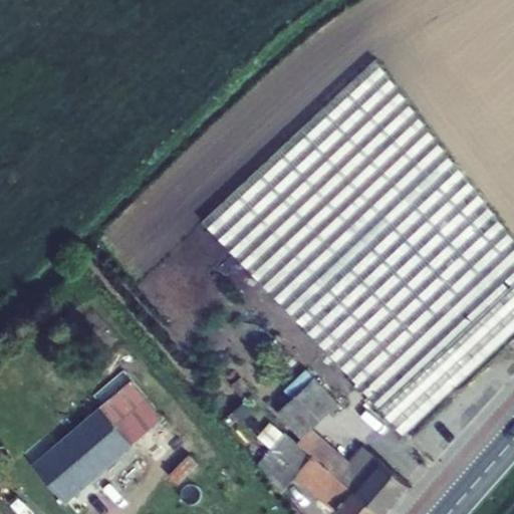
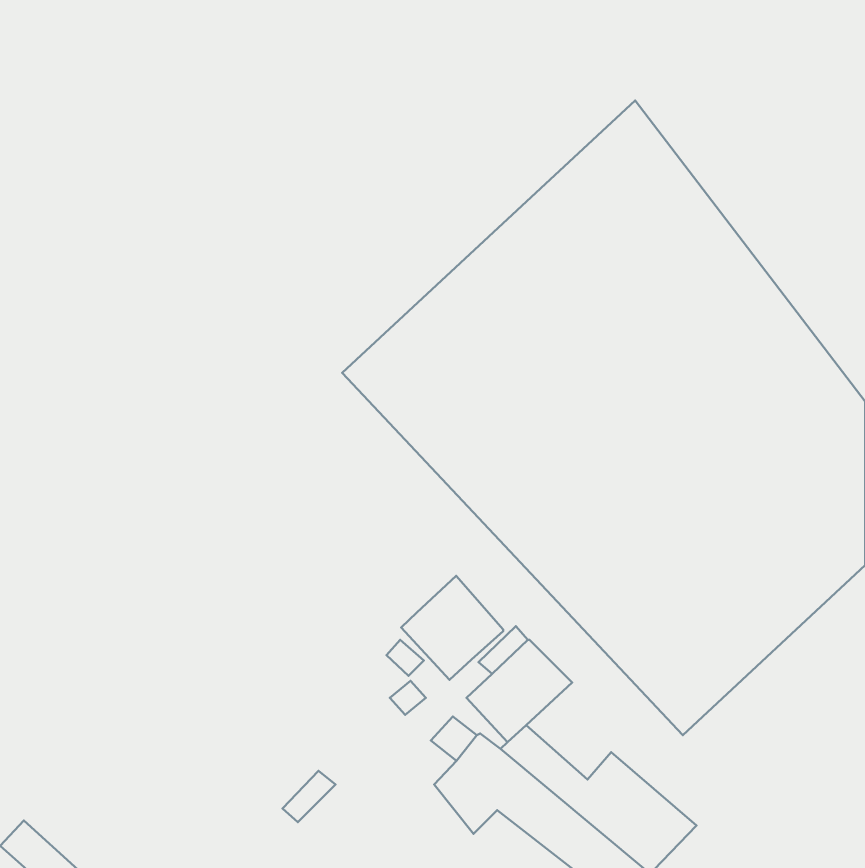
building: none -> [401,576,503,680]
building: [31,381,162,502] -> none

